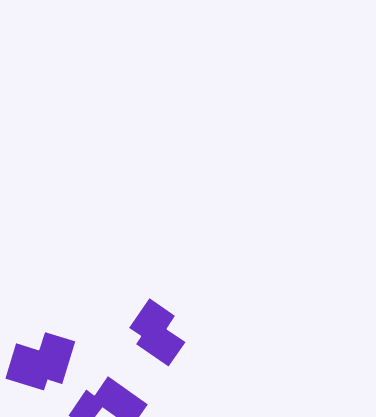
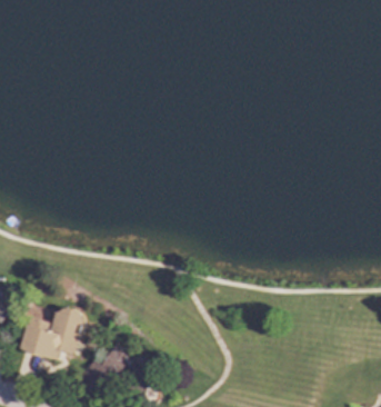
building: [128,297,186,368] -> none

